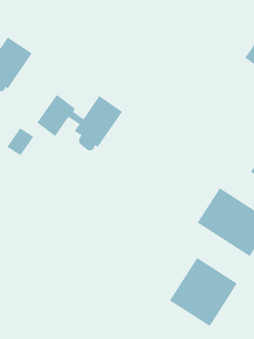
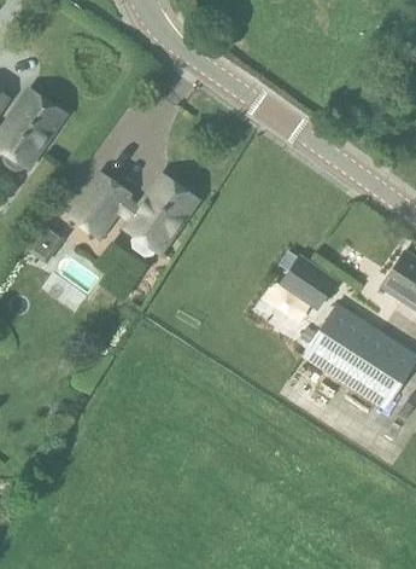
building: none -> [281,255,336,307]
building: [169,257,238,327] -> none

